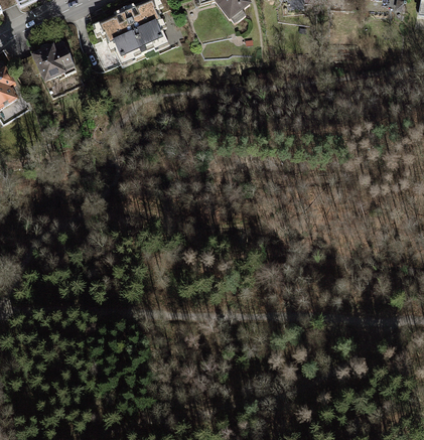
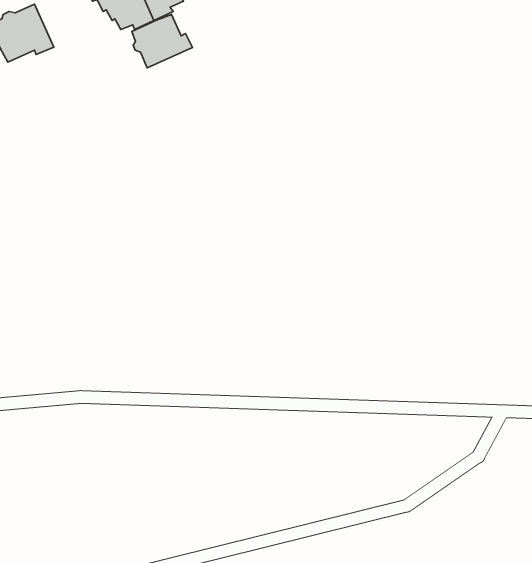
building: none -> [132,14,192,68]

